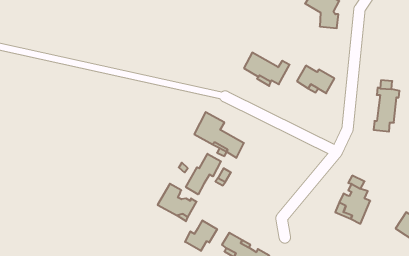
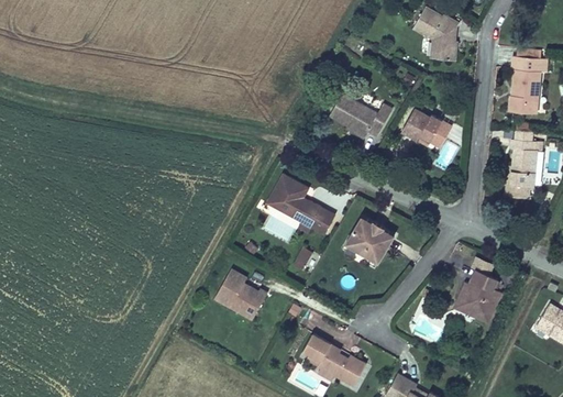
building: none -> [509,56,545,113]
building: none -> [346,217,394,263]
building: [186,154,221,194] -> none
building: [185,220,217,251] -> none

